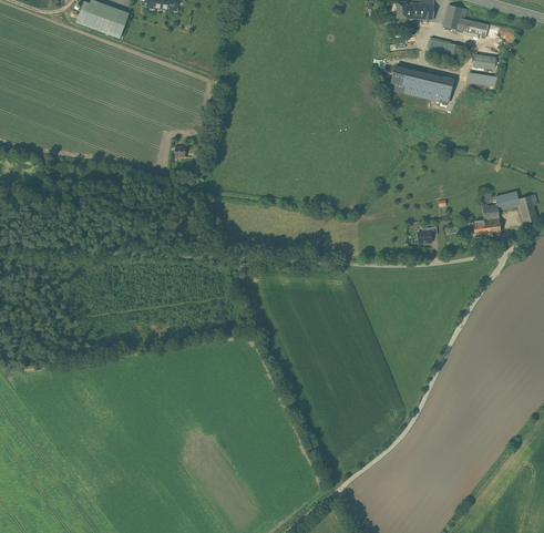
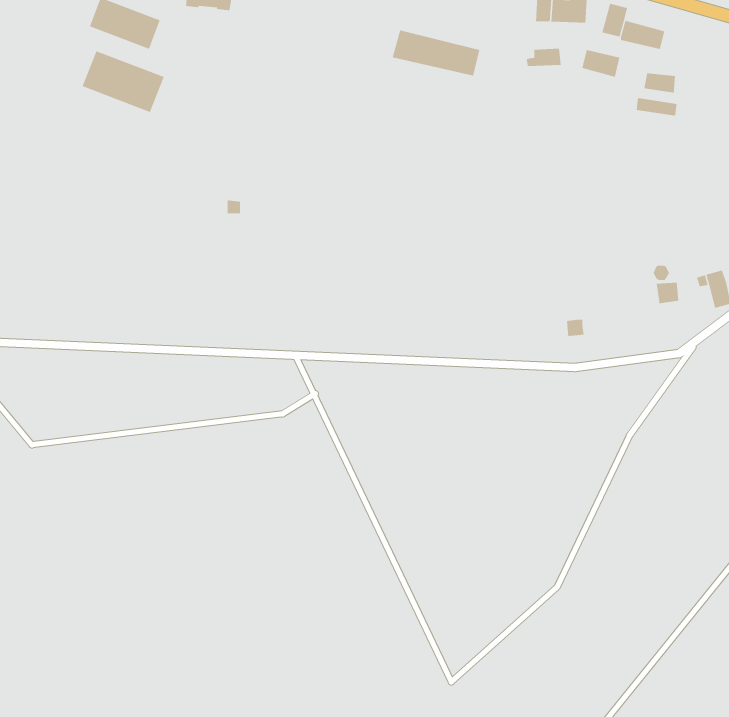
building: none -> [82,50,165,113]
building: [389,68,452,101] -> [392,30,480,76]
building: [473,216,501,236] -> none

